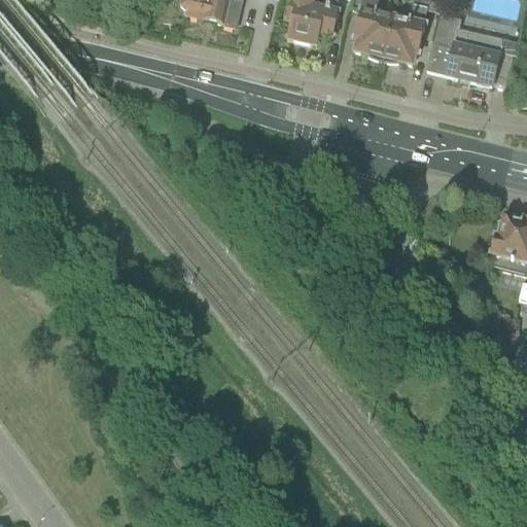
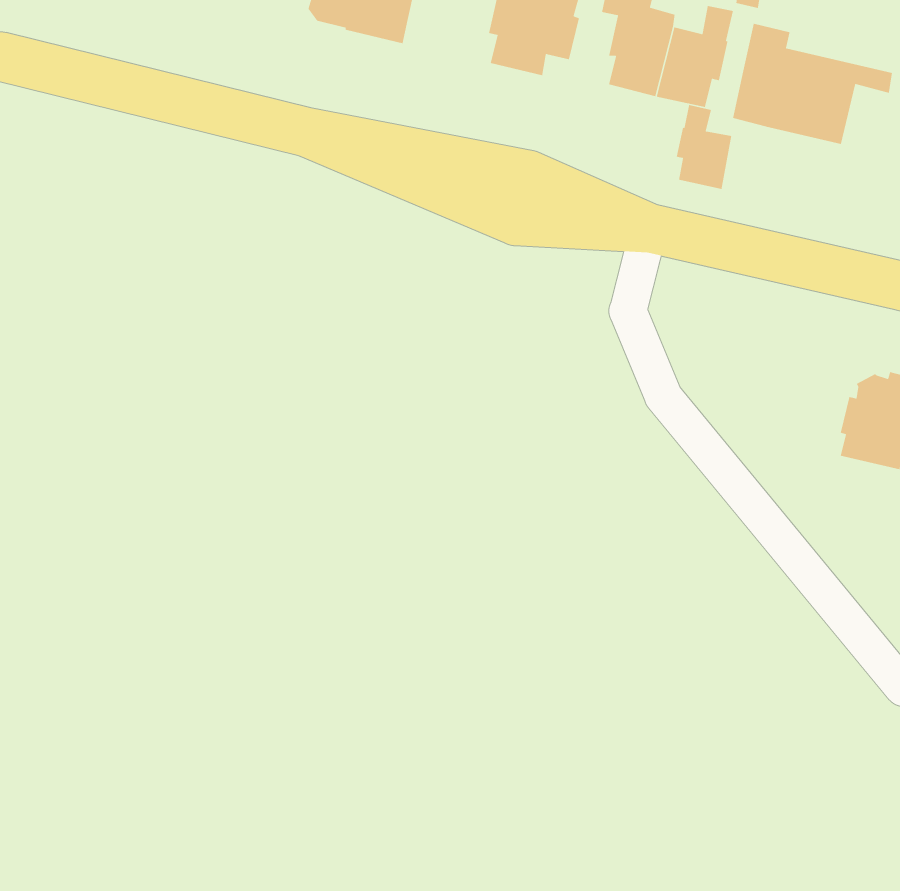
building: none -> [676,104,732,190]

